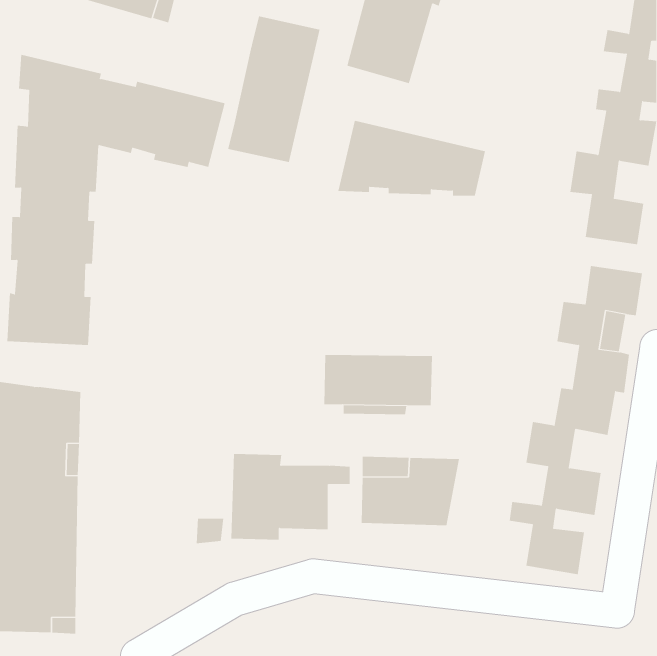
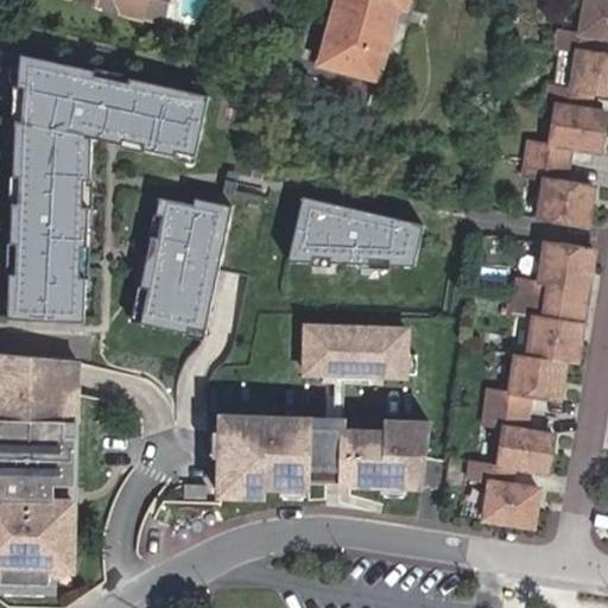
building: [227,16,320,163] -> none
building: [338,120,486,196] -> [283,192,419,262]
building: none -> [137,198,228,338]
building: none -> [259,419,334,482]

